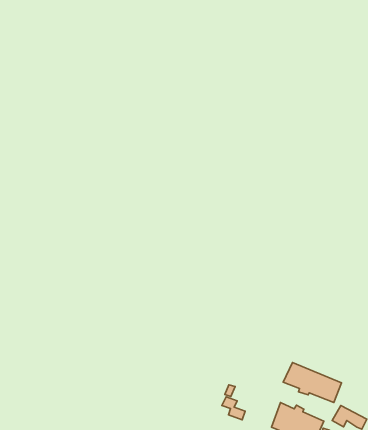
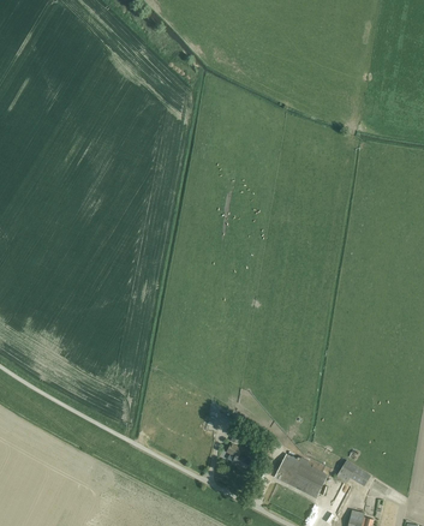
building: [283,363,341,403] -> none

